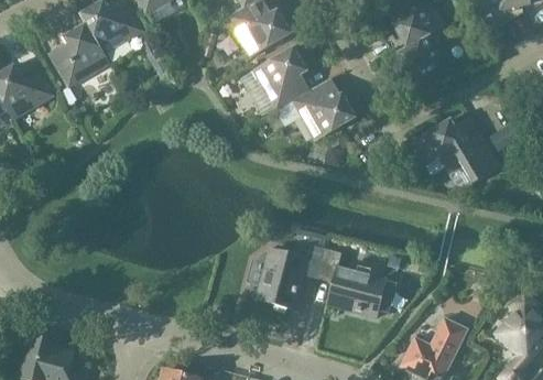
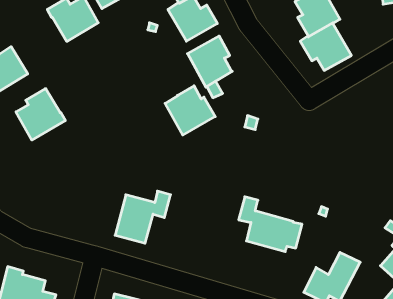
building: [47,23,109,87] -> [16,89,65,140]
building: [293,78,356,140] -> [165,86,215,135]
building: [410,116,500,183] -> none
building: [256,242,325,307] -> [115,191,171,243]

